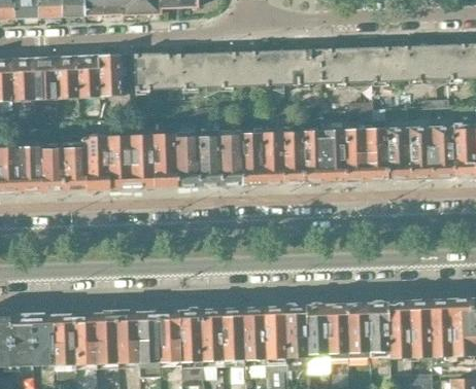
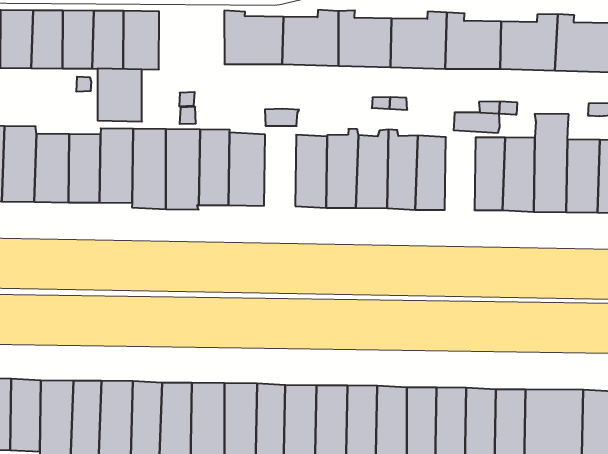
building: [134,54,167,91] -> [97,69,142,122]
building: [324,131,346,182] -> none
building: [198,136,222,186] -> none

